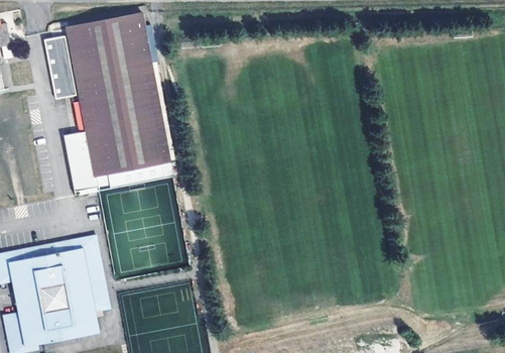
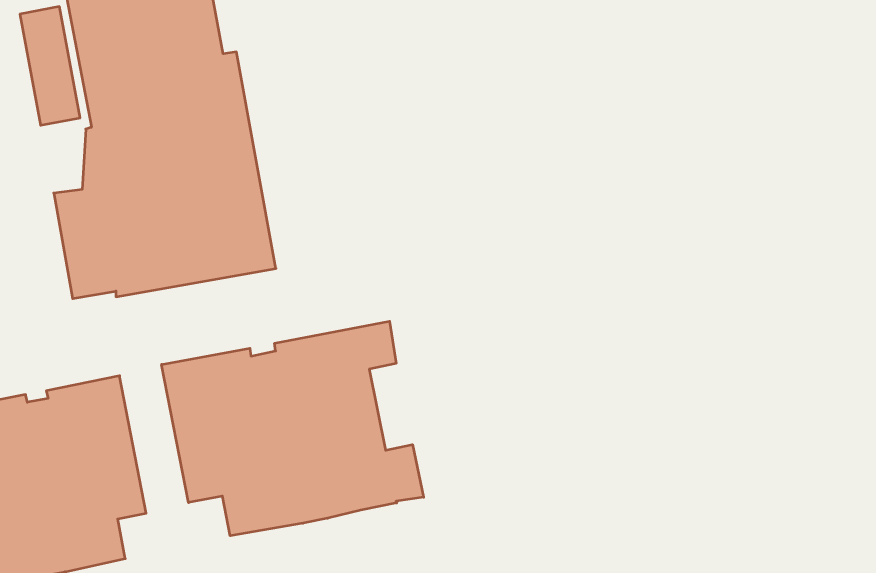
building: none -> [162,321,424,536]

